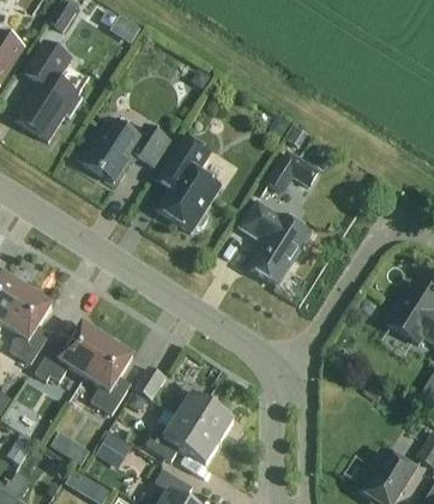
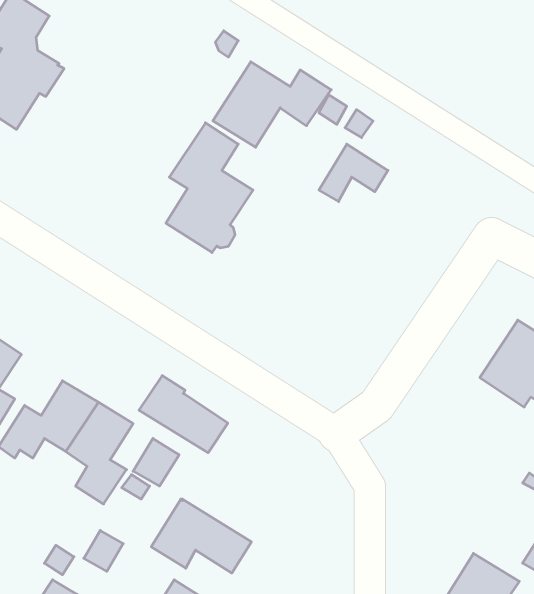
building: [83,119,169,181] -> [213,62,331,147]
building: [240,200,311,286] -> none
building: [169,385,234,442] -> [139,376,228,453]

